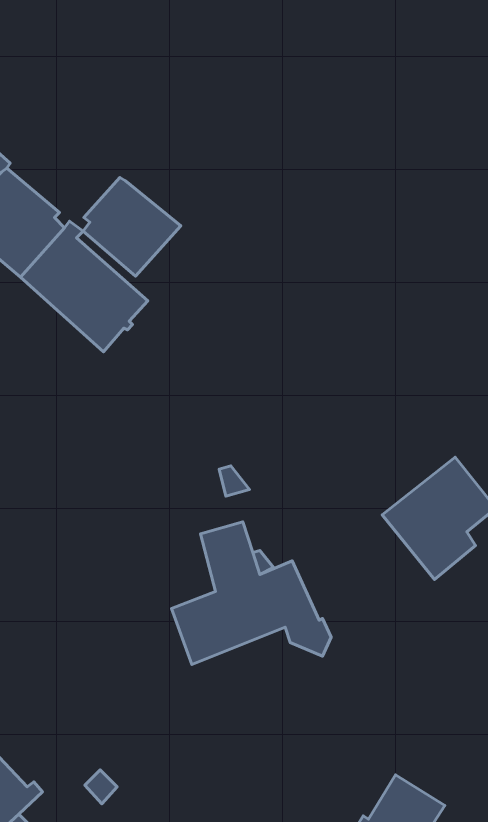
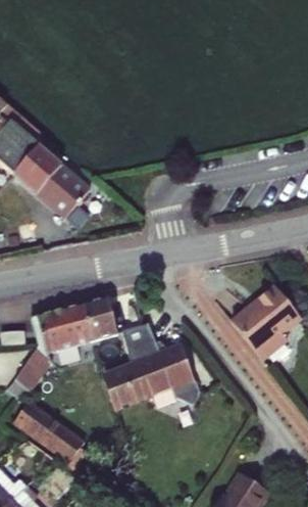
building: [83,178,181,276] -> none
building: none -> [16,295,119,394]
building: none -> [15,402,97,477]

